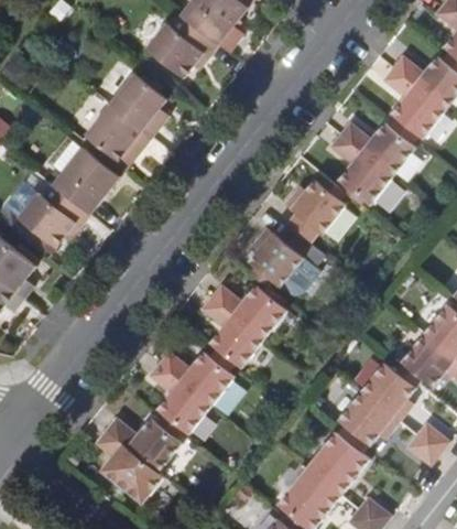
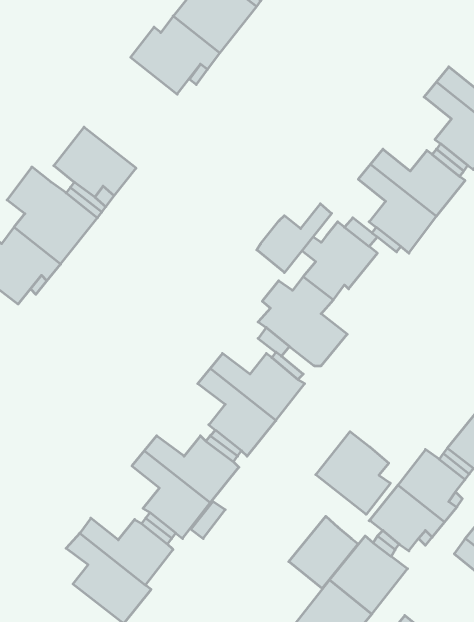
building: [109,73,168,137] -> none
building: none -> [257,204,332,273]
building: none -> [316,432,390,514]
building: none -> [289,516,358,589]

